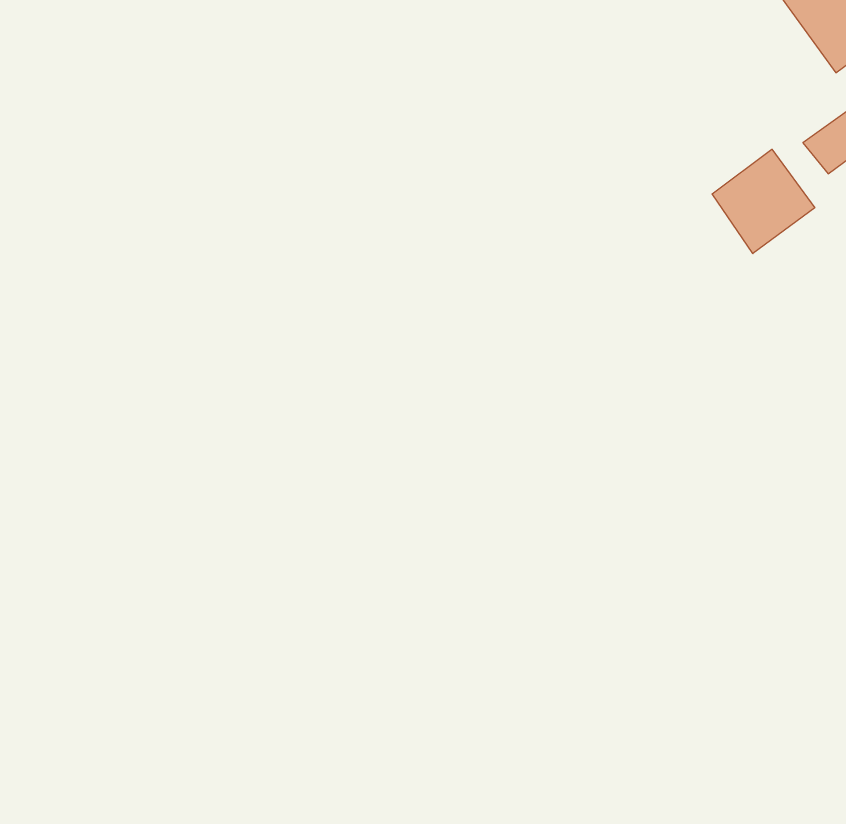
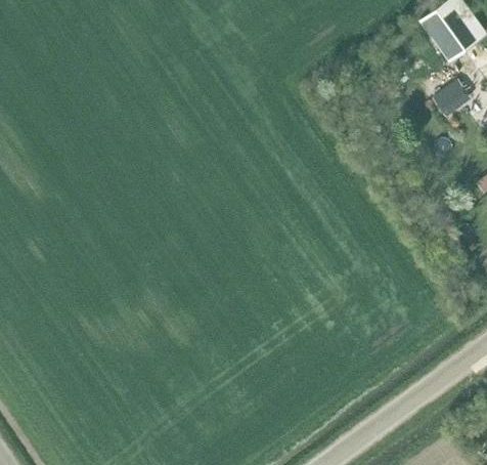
building: [712,149,815,254] -> none

